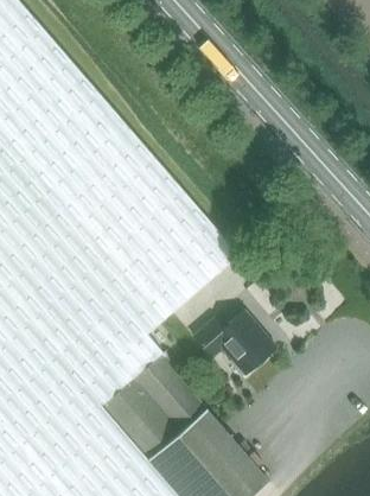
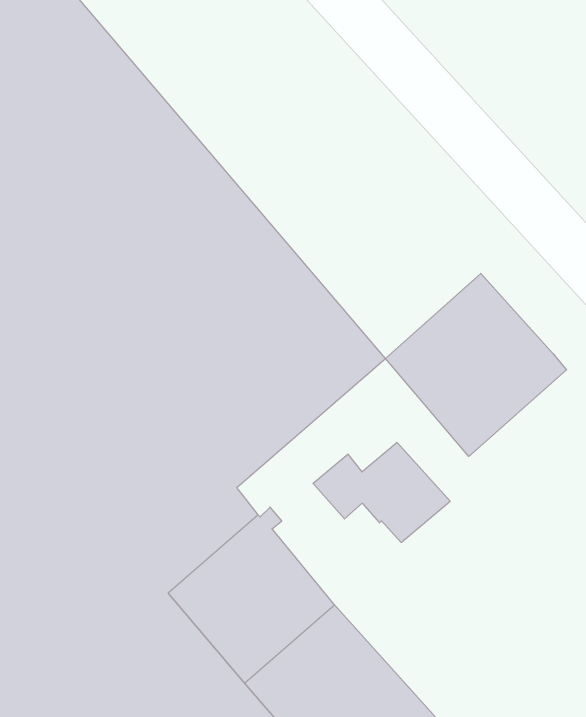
building: none -> [386,273,567,456]

